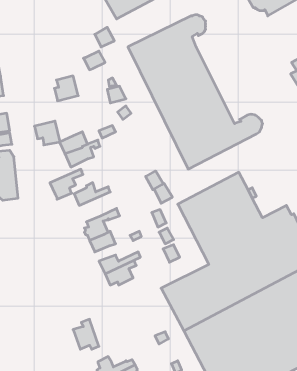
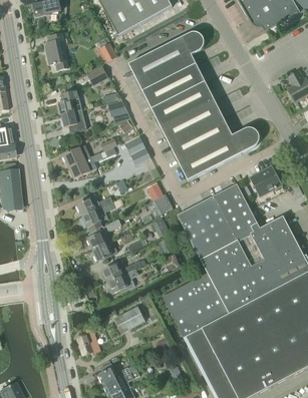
building: none -> [44,34,68,70]
building: [34,121,60,145] -> [61,109,86,132]
building: none -> [125,136,150,165]
building: none -> [249,165,281,196]
building: [50,169,83,199] -> [82,203,114,232]
building: none -> [114,305,145,332]

